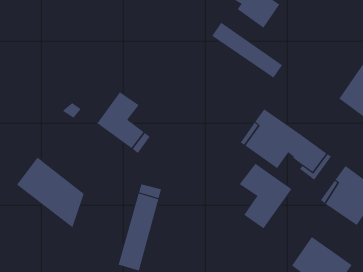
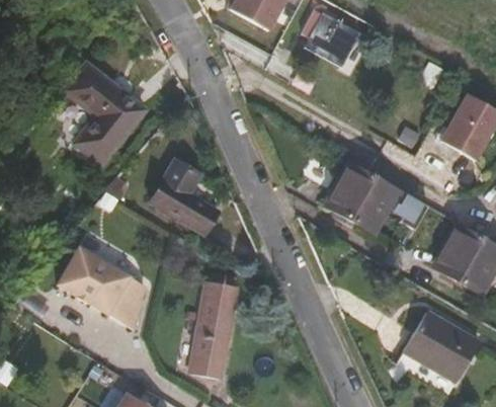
building: none -> [64,65,145,164]
building: [212,22,283,79] -> none
building: [239,163,292,229] -> none

